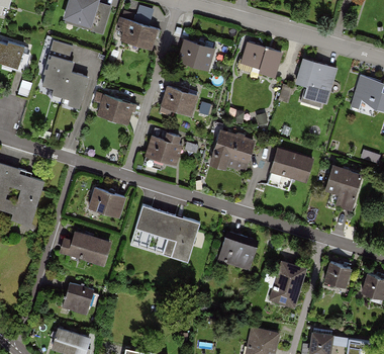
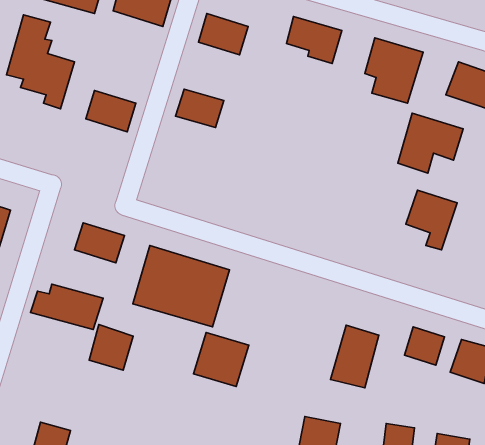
building: [210,130,254,171] -> none
building: [142,138,180,172] -> none
building: [266,148,312,190] -> [398,113,463,173]
building: [217,232,257,270] -> [194,333,249,387]
building: [63,282,94,315] -> [89,325,133,370]

